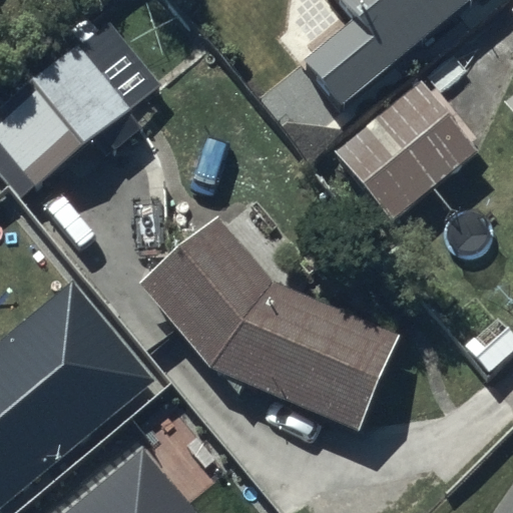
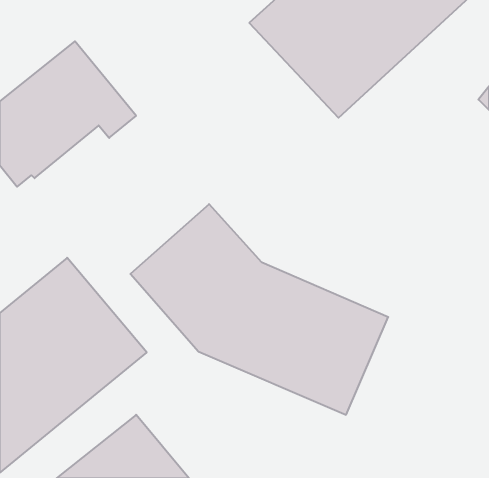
building: [334,81,475,219] -> none

